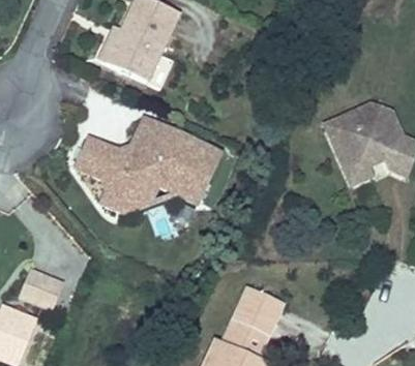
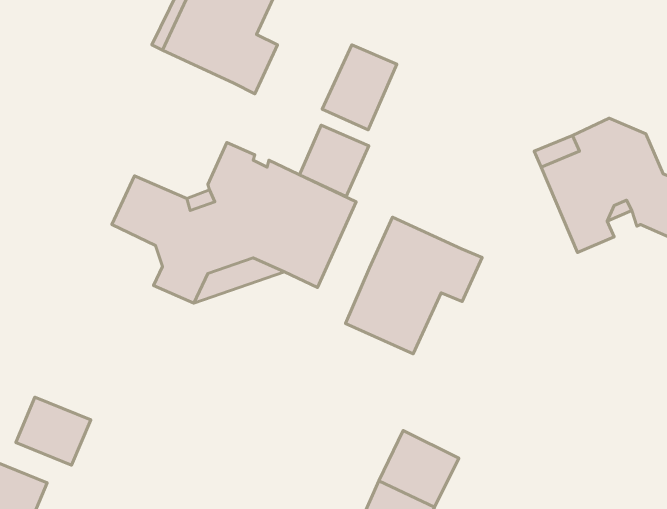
building: none -> [322,45,397,130]
building: none -> [300,125,369,196]
building: none -> [345,217,482,354]

